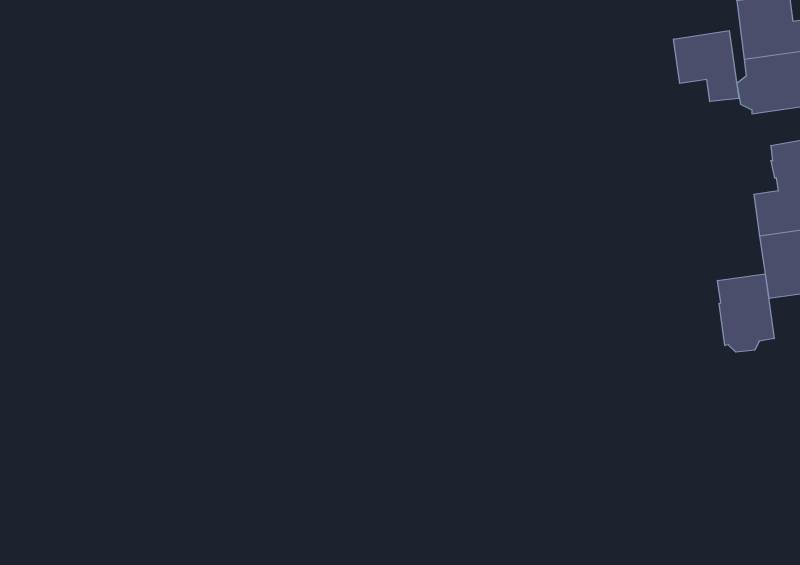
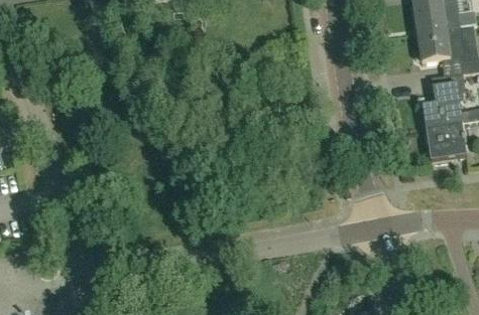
building: [674,31,739,102] -> none
building: [717,274,774,352] -> none

